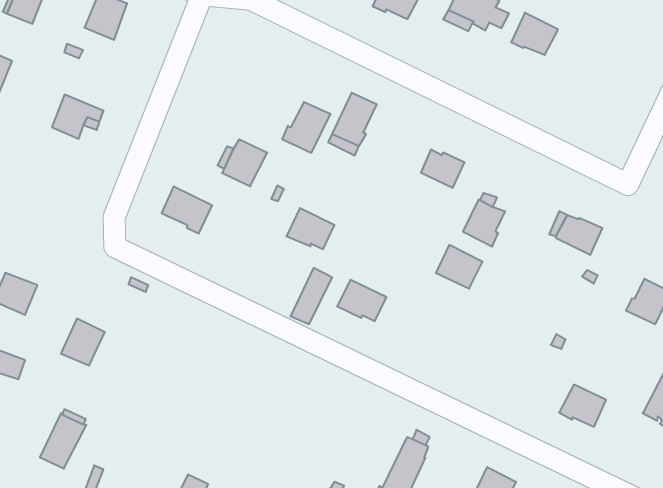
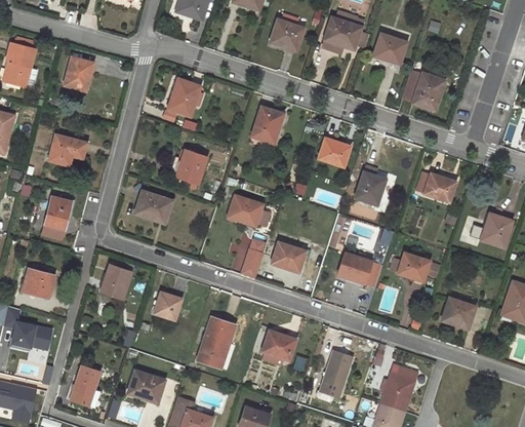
building: none -> [402,72,444,109]
building: [282,102,331,153] -> [168,80,201,116]
building: none -> [44,196,71,229]
building: [436,245,483,289] -> [338,253,371,282]
building: none -> [392,250,431,279]
building: [61,319,105,366] -> [102,265,131,298]
building: none -> [155,292,181,319]
building: none -> [200,317,235,366]
building: none -> [264,331,295,364]
building: none -> [129,371,166,402]

